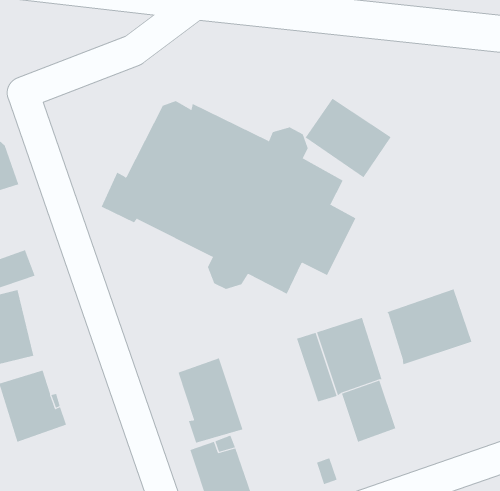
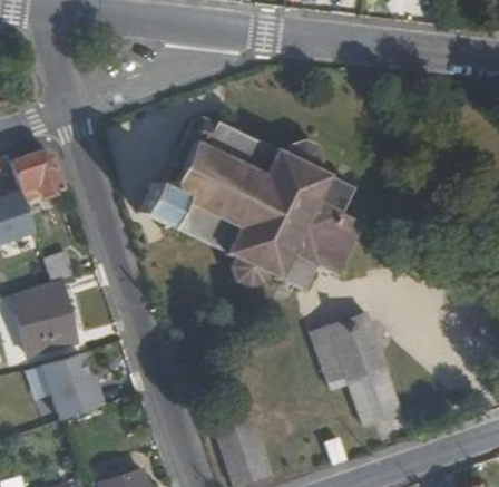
building: [305,98,391,178] -> none
building: [386,289,472,365] -> none
building: [178,357,243,444] -> none

